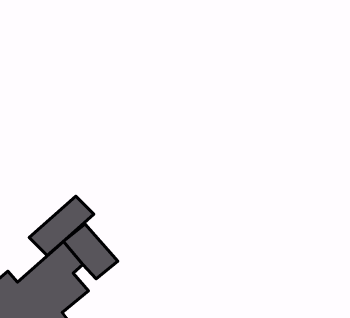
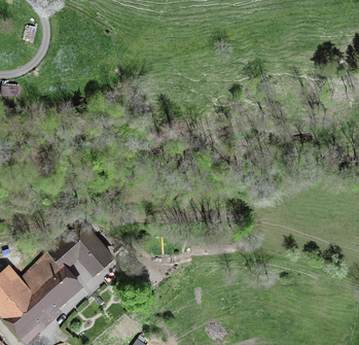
building: [29,196,94,255] -> none

